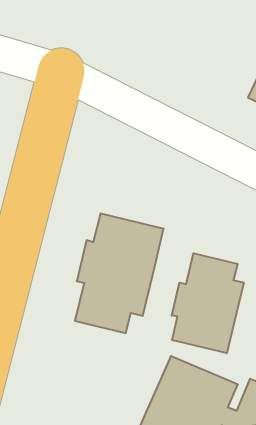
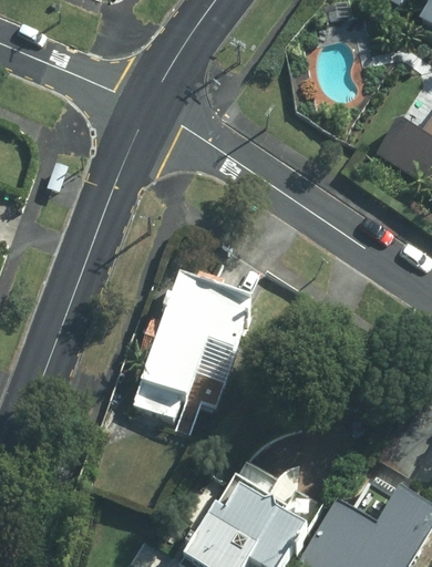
building: [172,253,244,353] -> none

